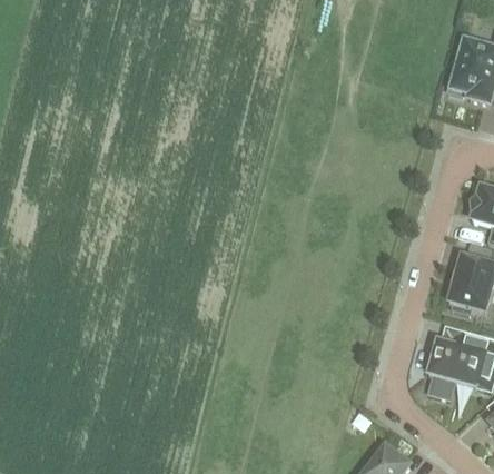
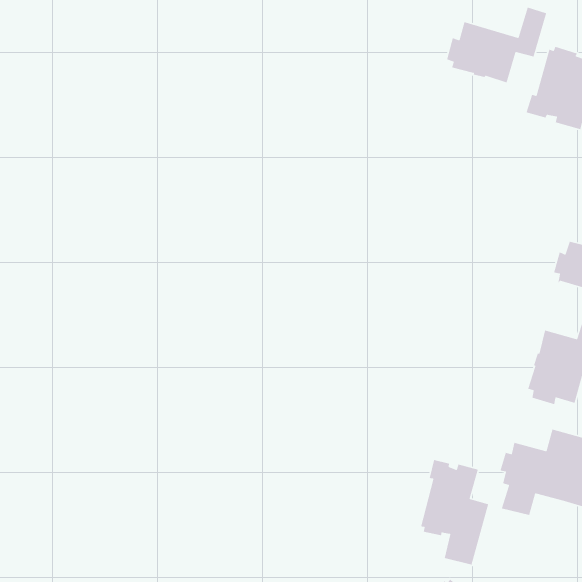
building: none -> [446,7,547,83]
building: none -> [420,459,489,566]

